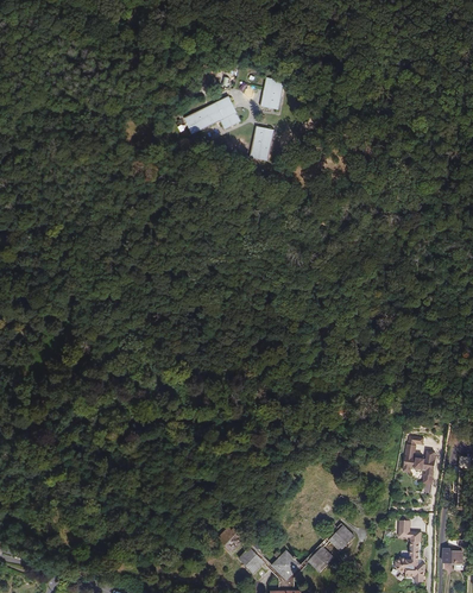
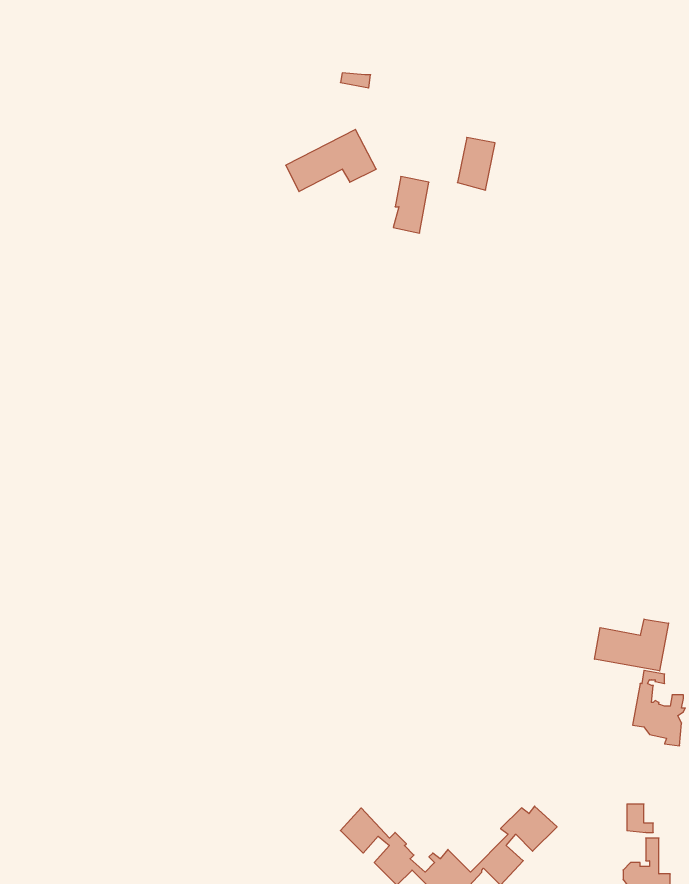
building: [259,76,283,109] -> [457,137,495,190]
building: none -> [595,619,669,671]

